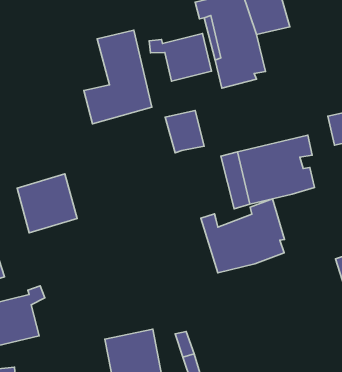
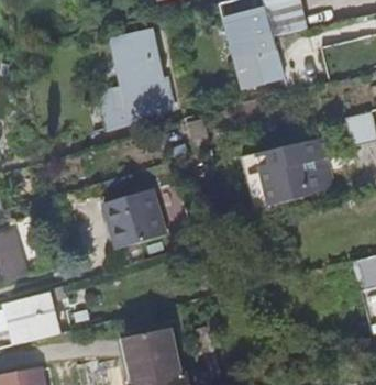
building: [149,33,212,81] -> none
building: [17,174,77,233] -> [104,188,164,246]
building: [201,199,285,273] -> none

